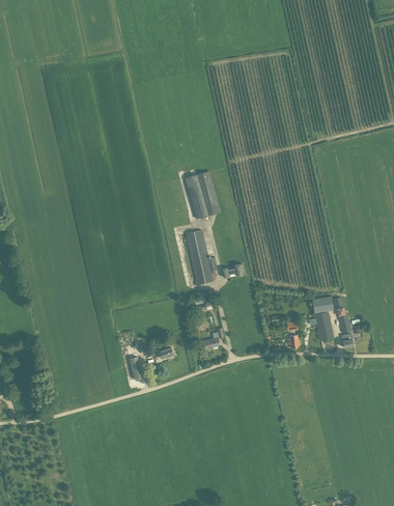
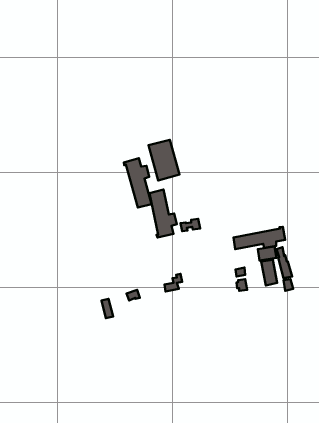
building: none -> [124,158,152,207]
building: none -> [233,227,285,249]

